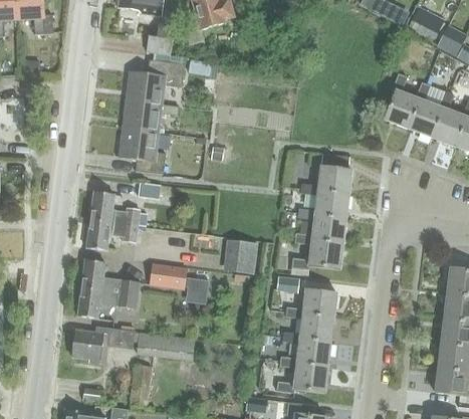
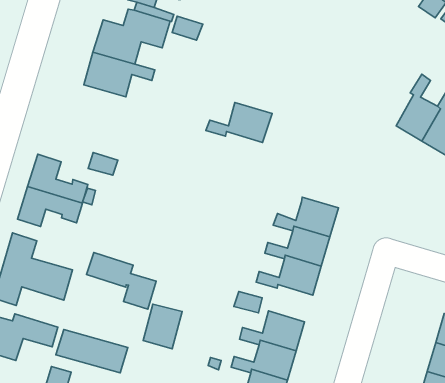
building: [119,128,166,174] -> none
building: [300,165,353,194] -> [206,102,272,142]
building: [229,241,257,275] -> [143,304,182,349]

